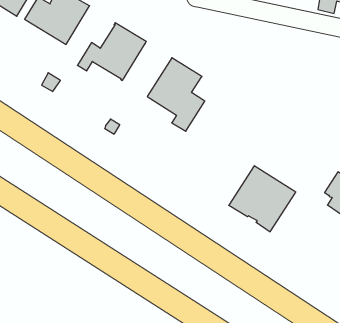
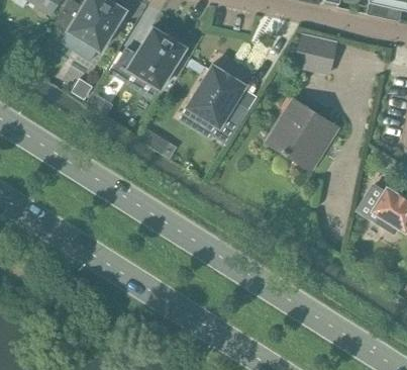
building: none -> [293,34,335,74]
building: [229,166,296,232] -> [265,99,336,170]

